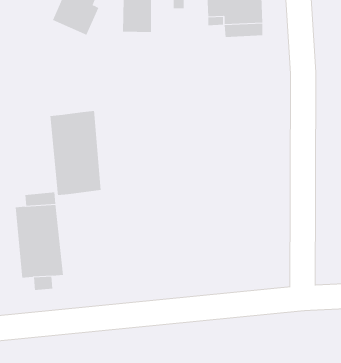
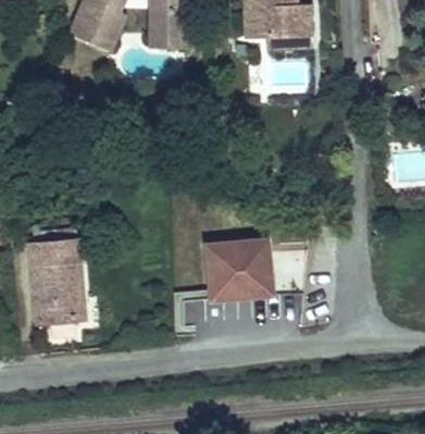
building: [50,110,101,196] -> none
building: none -> [207,240,272,300]

